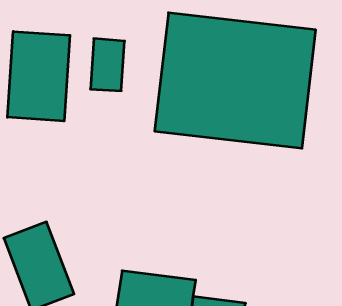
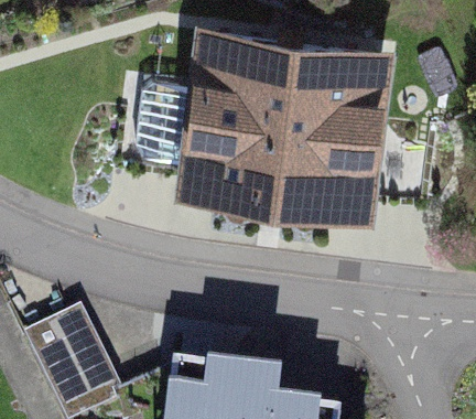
building: [7,31,70,121] -> none

